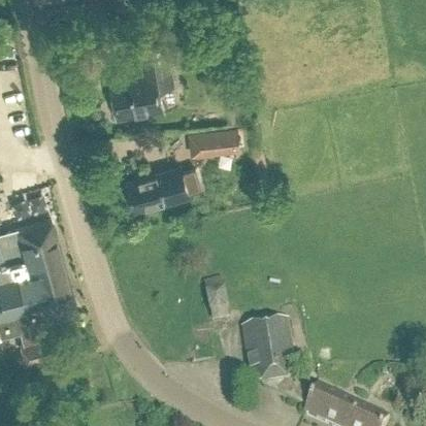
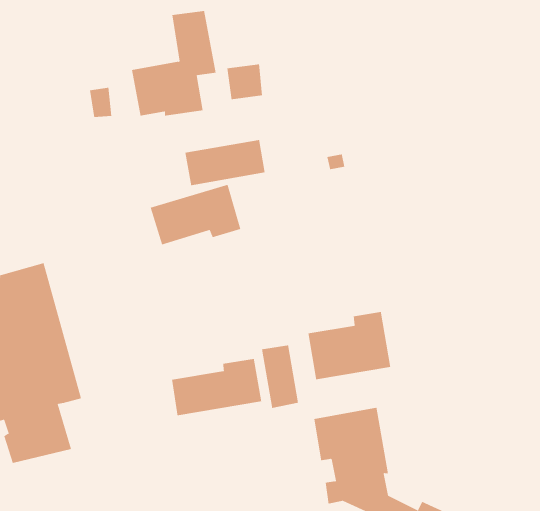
building: [212,128,238,154] -> [227,64,263,100]
building: none -> [308,311,391,380]
building: none -> [171,358,262,416]

